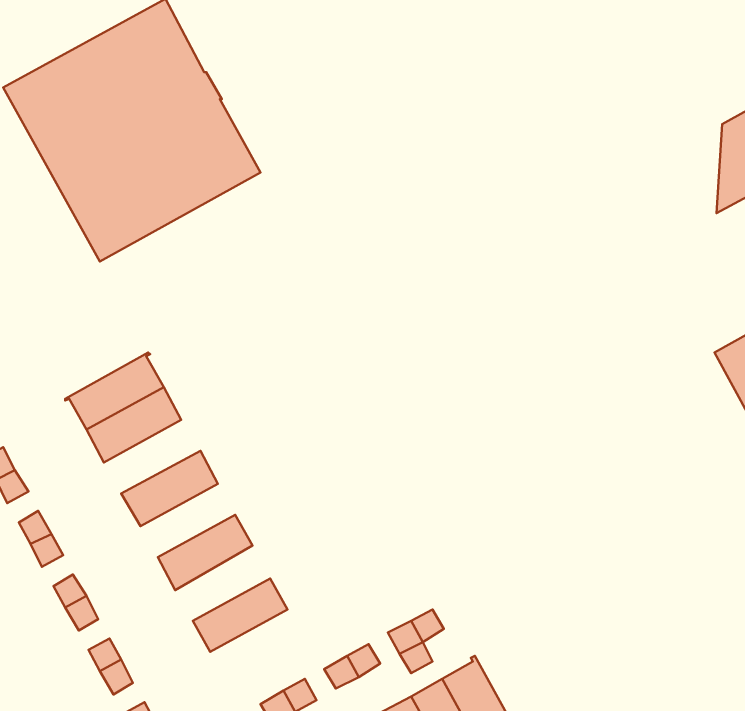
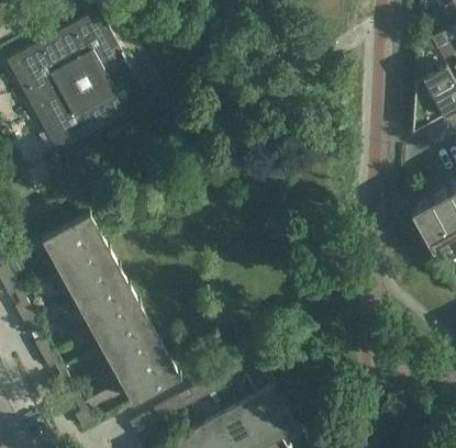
building: none -> [63,251,118,293]
building: none -> [84,288,137,329]
building: none -> [103,323,157,366]
building: none -> [123,359,179,404]

